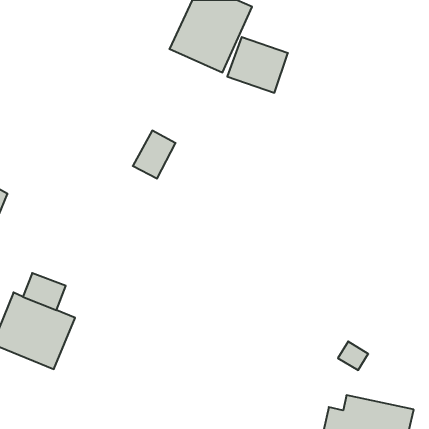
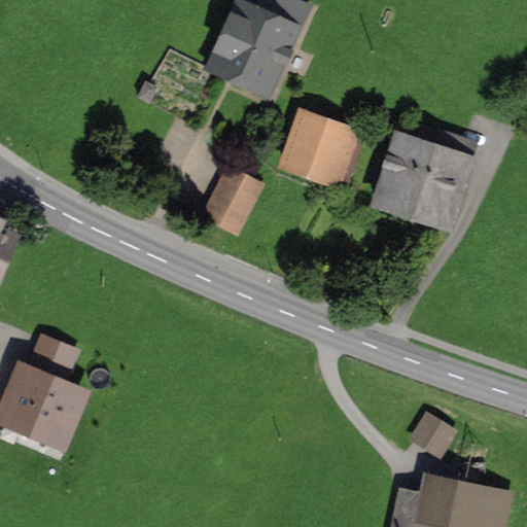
building: [227,37,288,93] -> [281,116,355,184]
building: none -> [375,124,475,221]
building: [133,131,176,179] -> [204,173,256,232]

